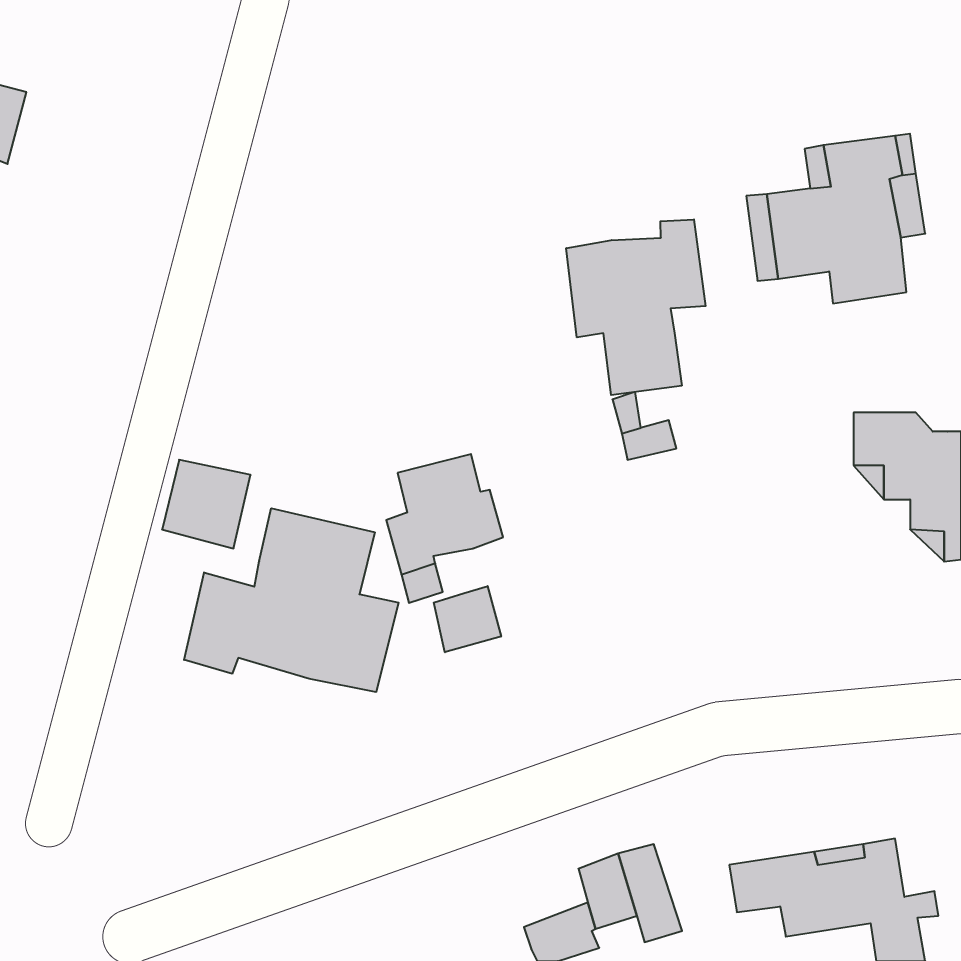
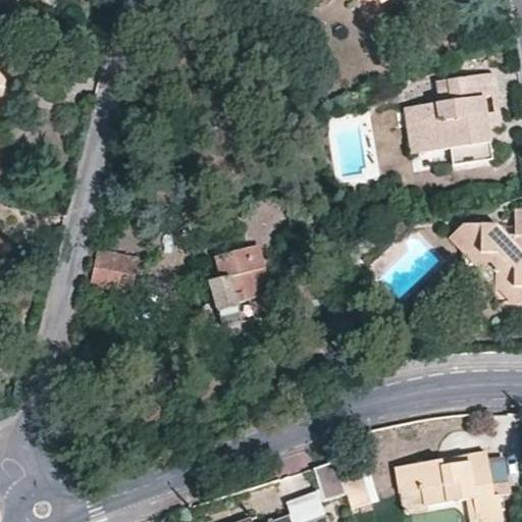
building: [566,219,706,395] -> none
building: [184,508,399,692] -> none
building: [434,586,501,652] -> none

